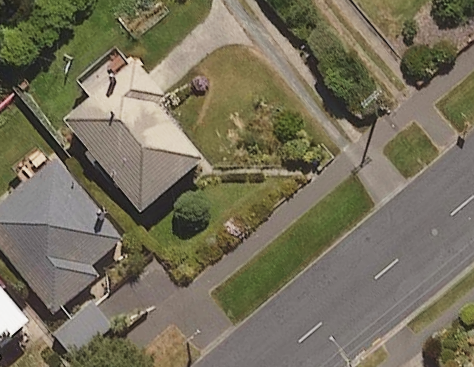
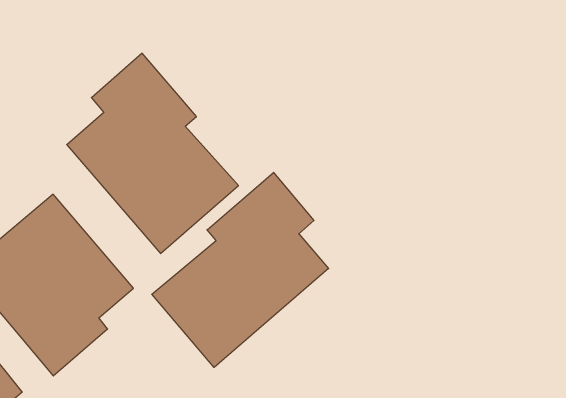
building: none -> [152,172,329,367]

